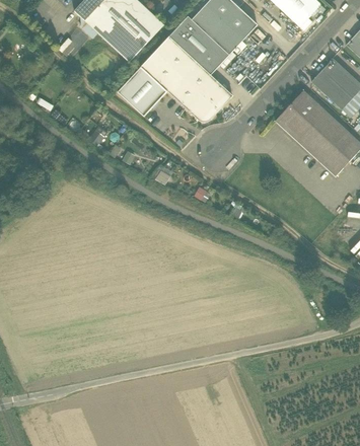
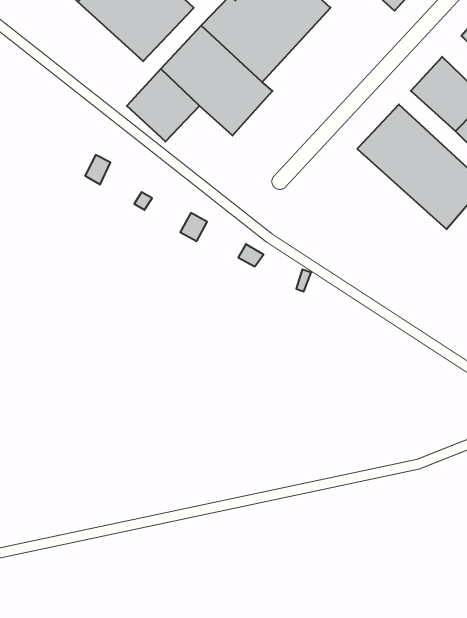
building: [190,81,232,122] -> none

